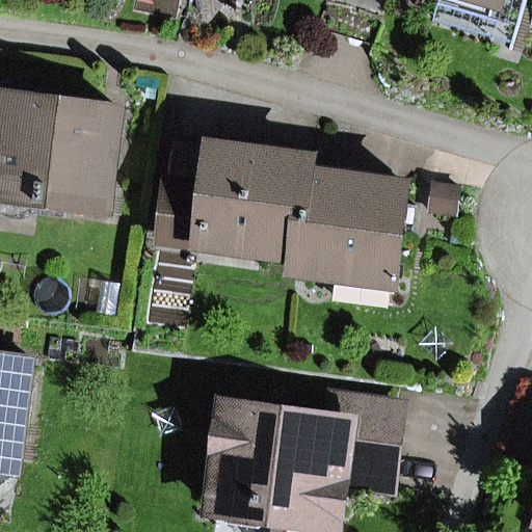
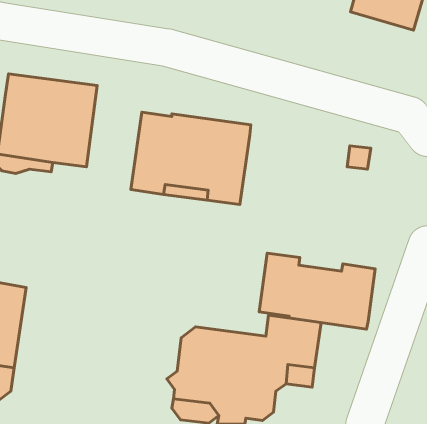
building: [295,167,407,299] -> none
building: none -> [259,253,375,329]

